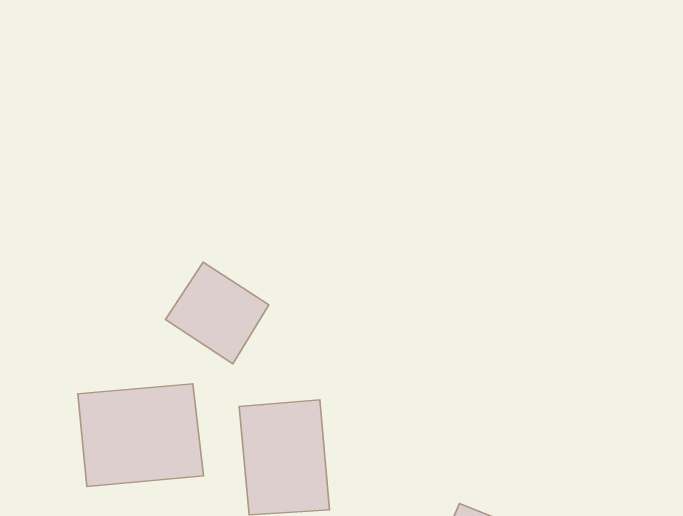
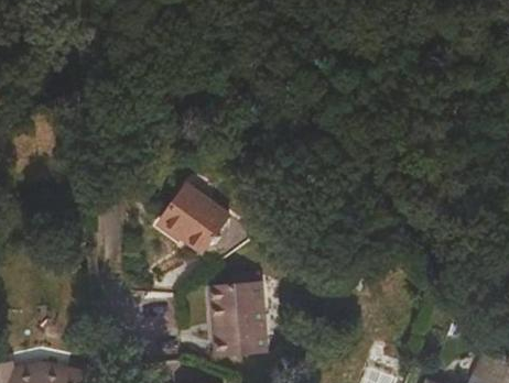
building: [78,384,204,486] -> none

